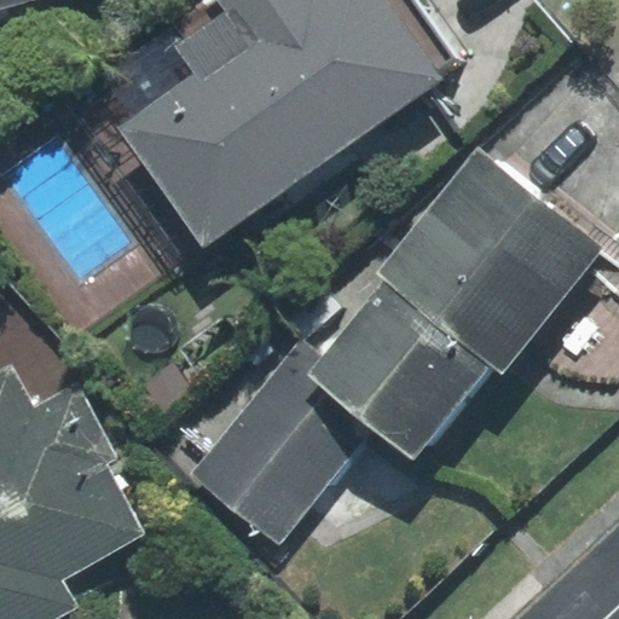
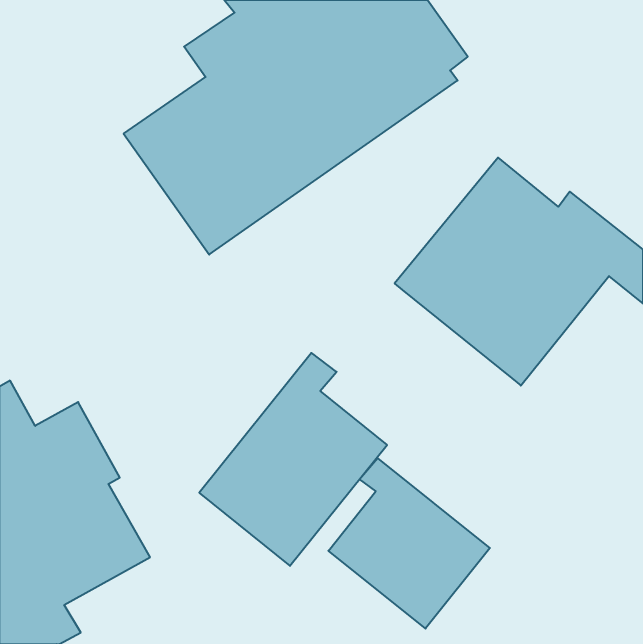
building: [307,278,491,459] -> none
building: none -> [328,458,490,629]

